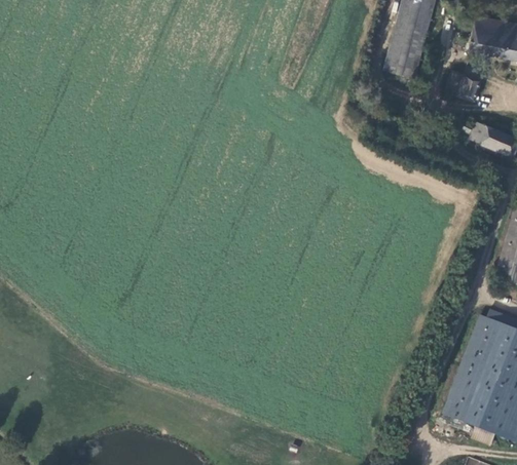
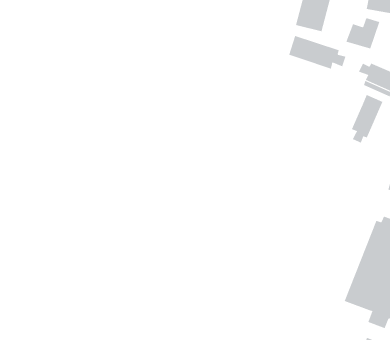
building: none -> [288,35,346,70]
building: none -> [351,94,383,143]

